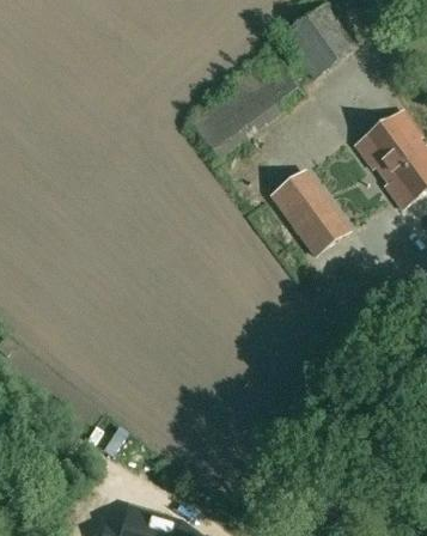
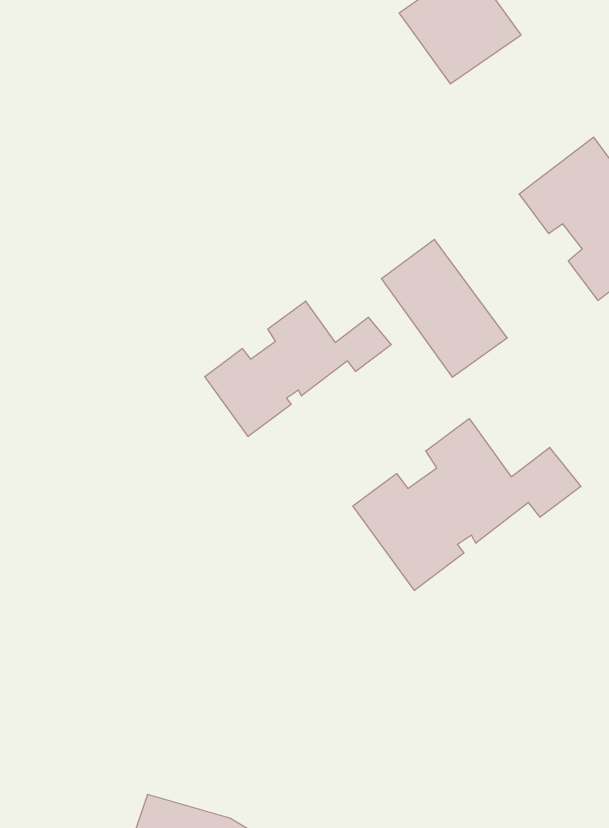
building: none -> [205,301,391,437]
building: none -> [353,419,581,590]

